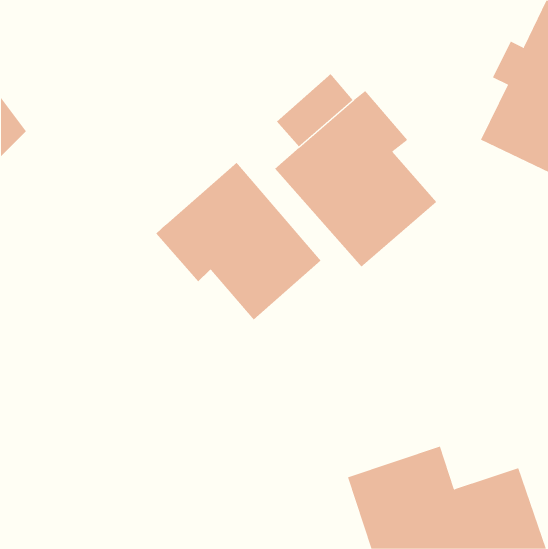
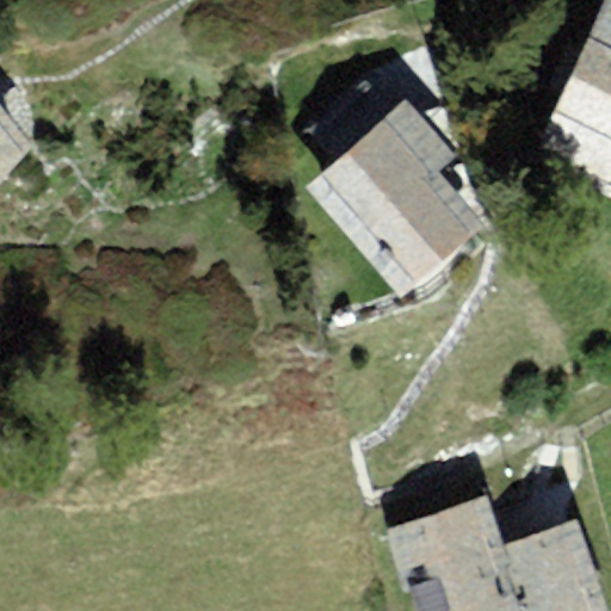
building: [156,162,322,320] -> none

